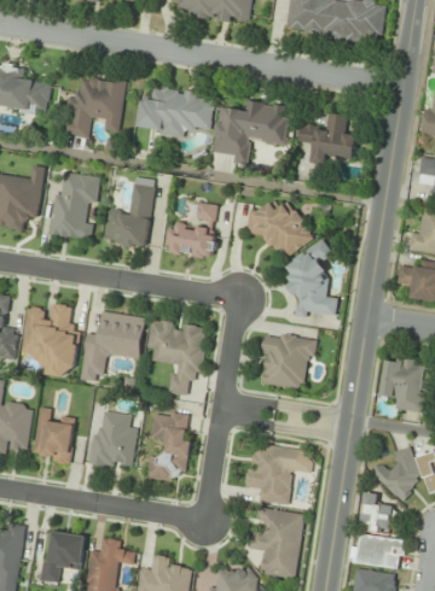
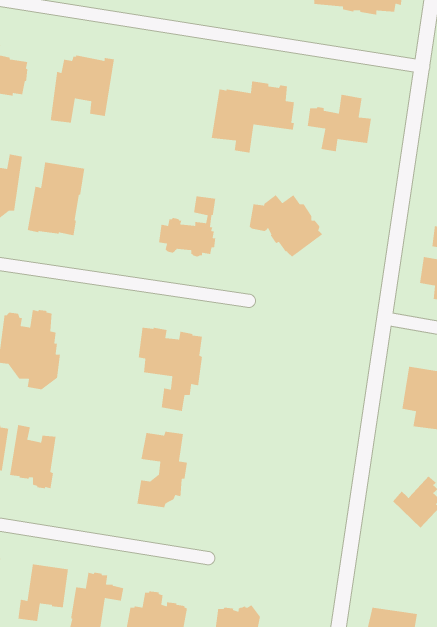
building: [138,86,215,137] -> none
building: [105,177,155,247] -> none
building: [288,239,338,317] -> none
building: [80,311,145,381] -> none
building: [262,333,317,387] -> none
building: [88,411,138,469] -> none
building: [245,444,317,505] -> none
building: [360,492,393,532] -> none
building: [250,508,304,579] -> none
building: [355,533,404,569] -> none

